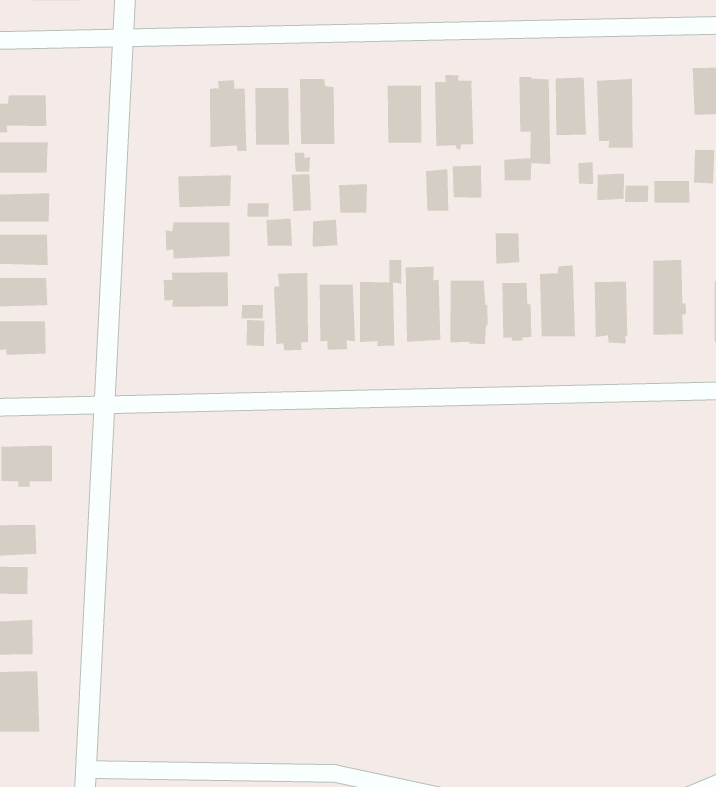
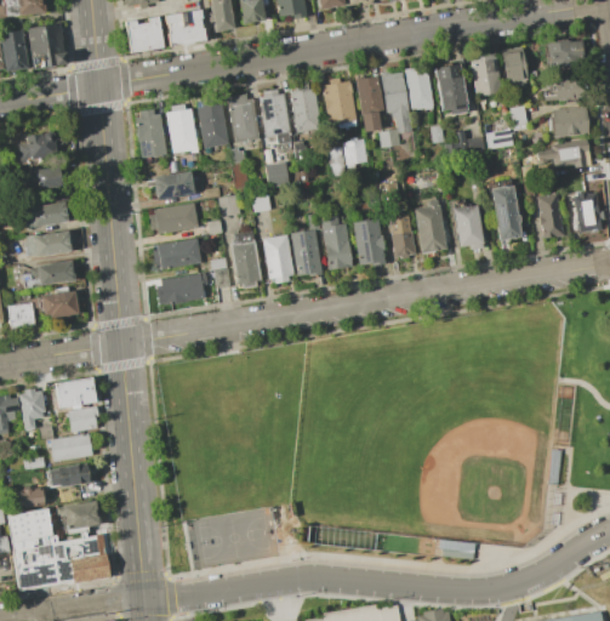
building: none -> [471,52,503,96]
building: none -> [260,89,291,143]
building: none -> [355,75,384,131]
building: none -> [136,108,166,155]
building: none -> [155,273,204,304]
building: none -> [68,406,98,431]

